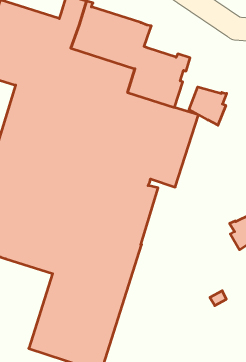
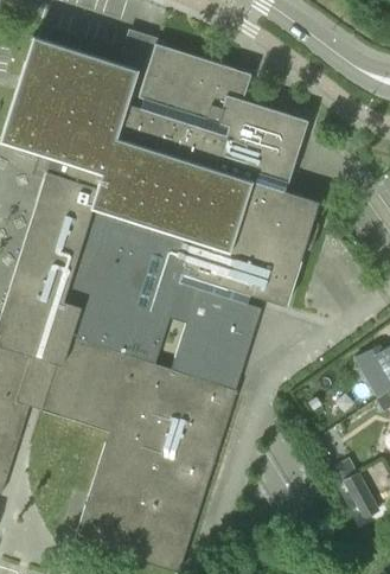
building: [189,87,227,125] -> none
building: none -> [343,471,381,519]

